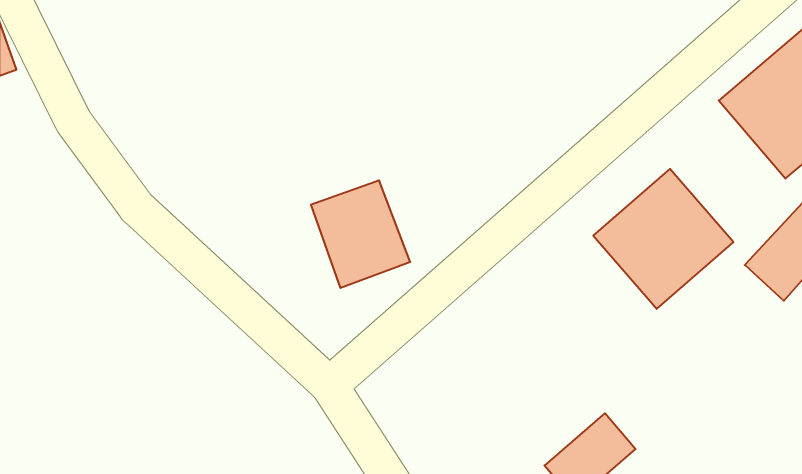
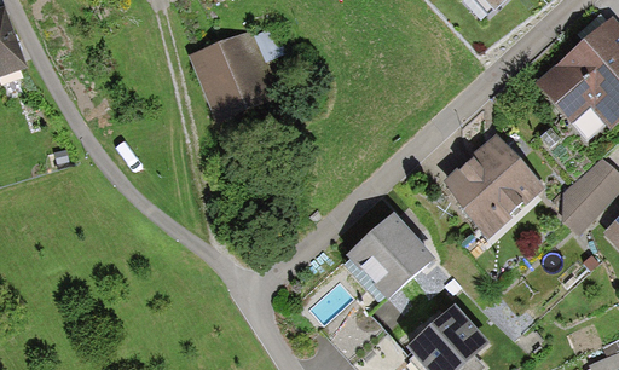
building: [311,180,410,288] -> [197,37,271,117]
building: none -> [343,220,424,300]

